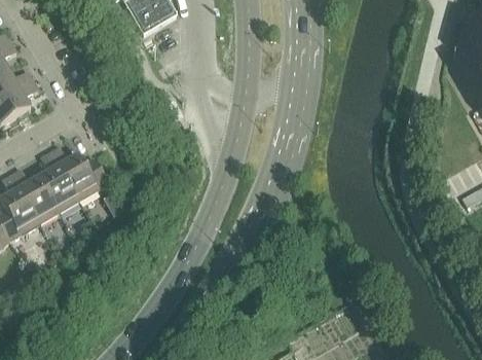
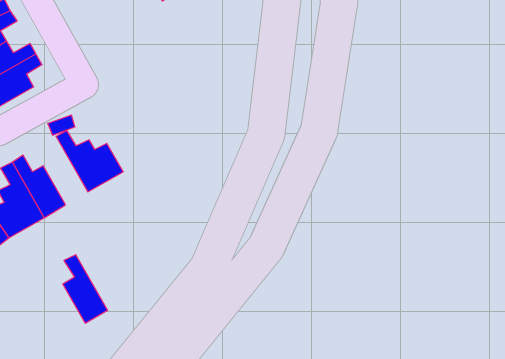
building: [39,150,78,210] -> [63,255,108,323]

